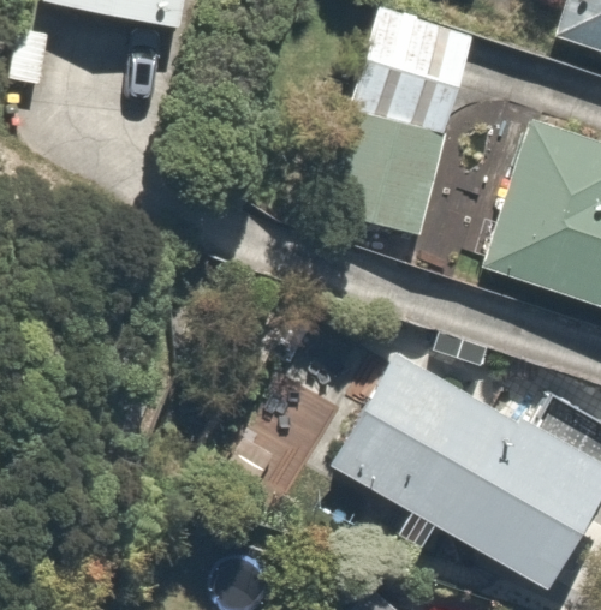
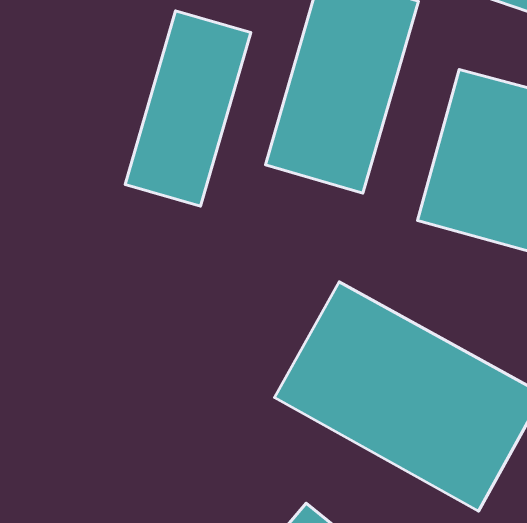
building: none -> [125,11,251,206]

